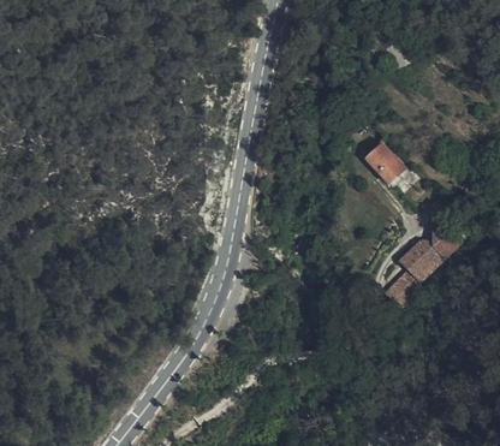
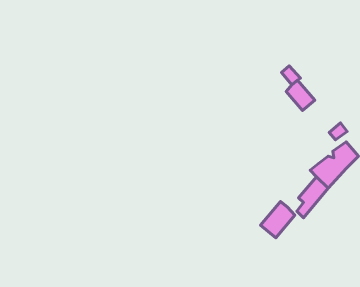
building: none -> [261,201,295,238]

